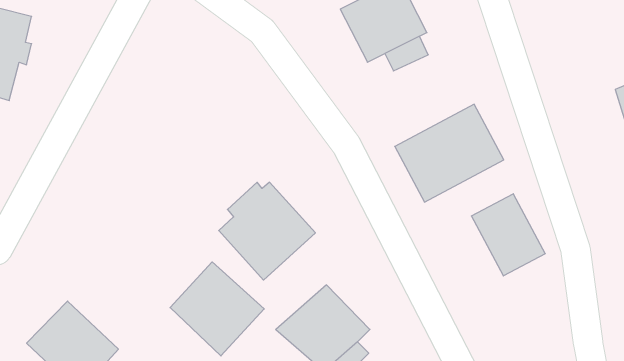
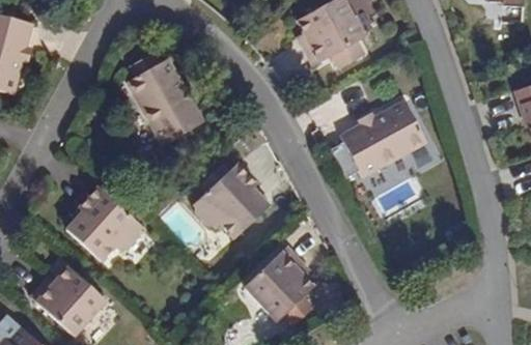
building: none -> [120,57,202,146]
building: [471,194,545,276] -> none
building: [170,262,264,356] -> [61,186,140,265]

